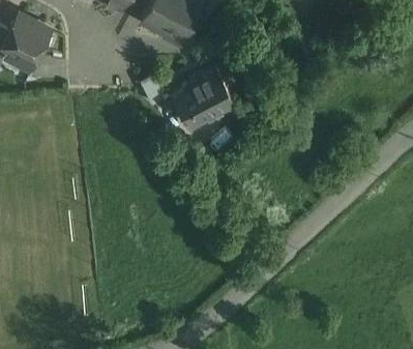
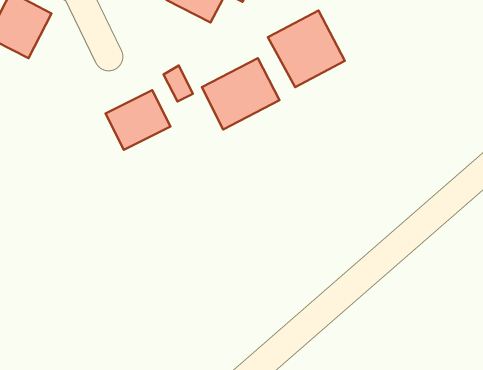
building: none -> [268,11,345,87]
building: none -> [106,90,170,150]

